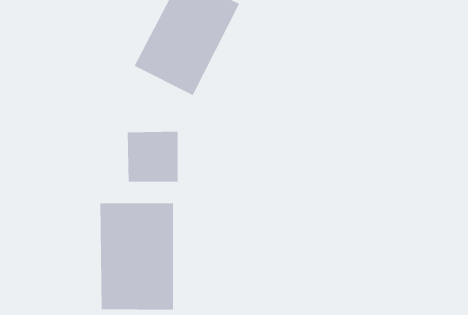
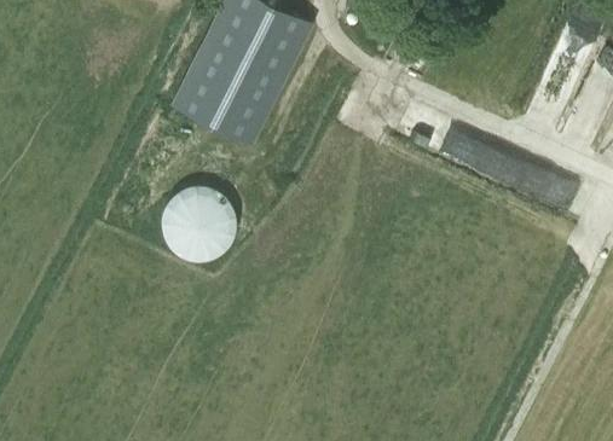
building: [99,202,174,311] -> none

